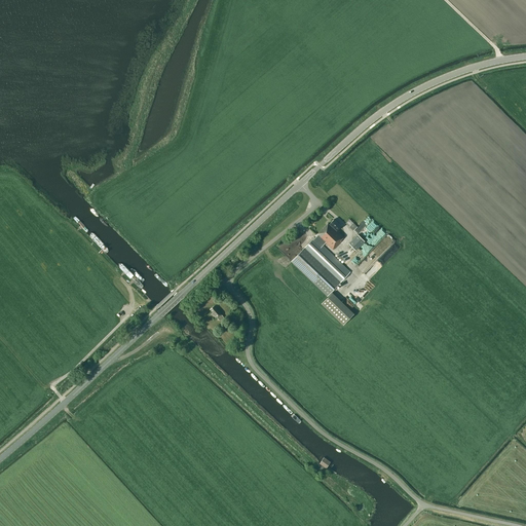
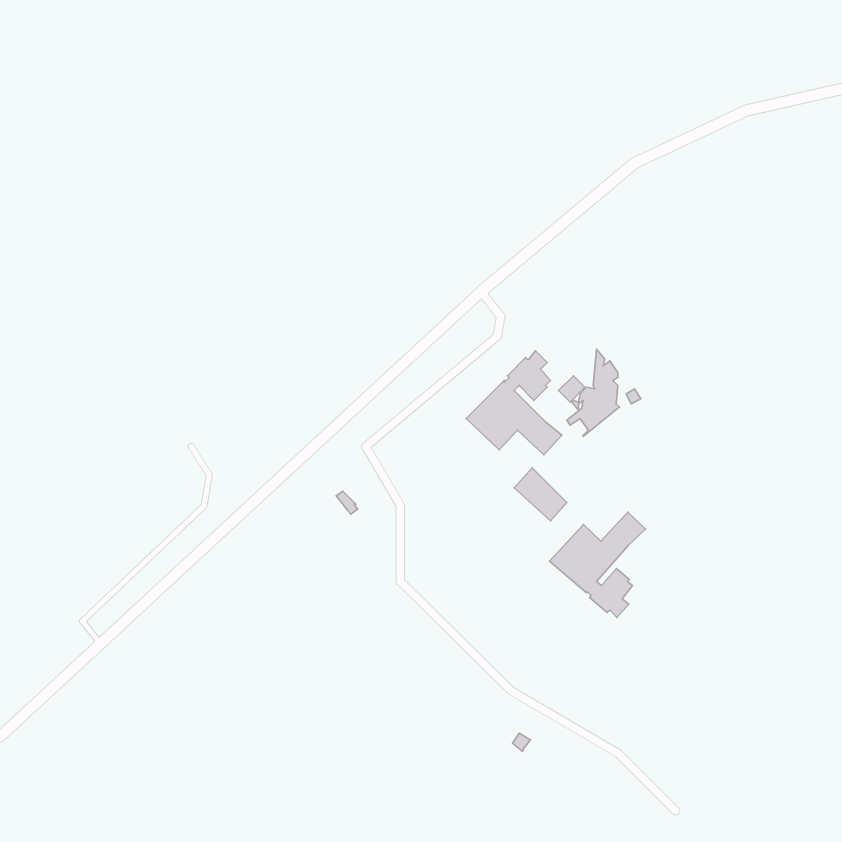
building: none -> [550,512,645,618]

